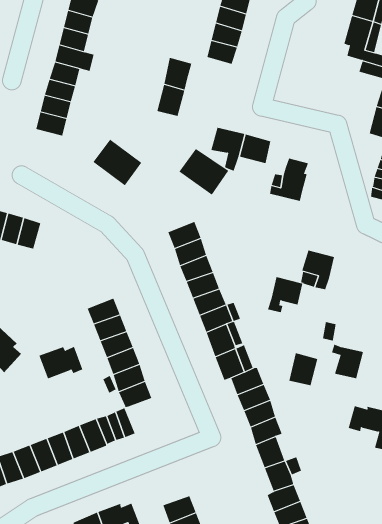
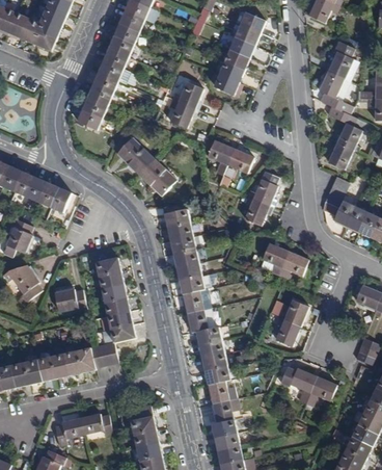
building: [178,148,229,195] -> [138,158,176,195]
building: none -> [244,195,269,225]
building: [267,277,303,313] -> [278,251,308,279]
building: [288,352,318,386] -> [283,298,308,325]

